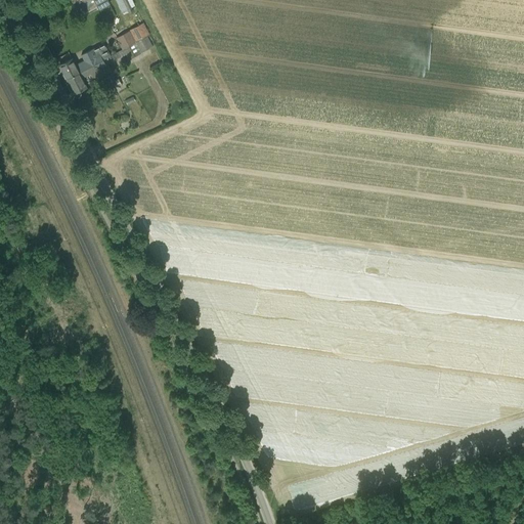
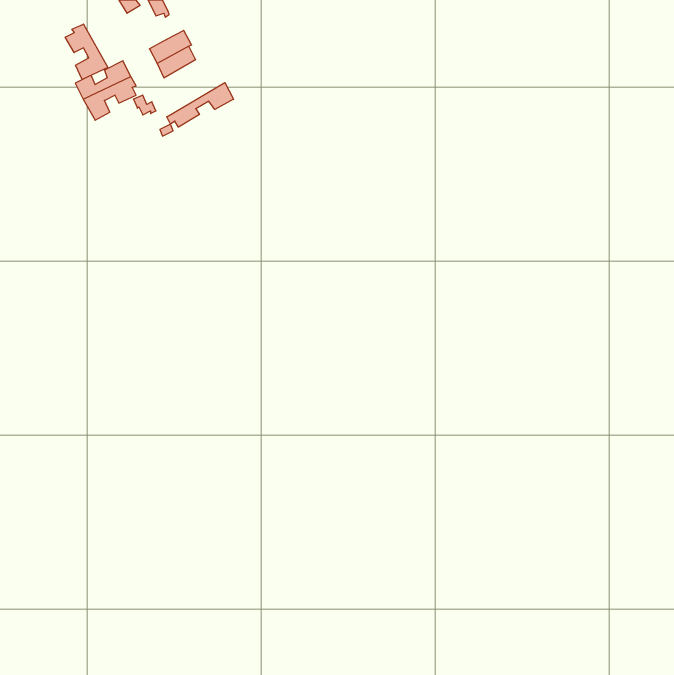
building: none -> [65,24,108,79]
building: none -> [167,83,234,127]

